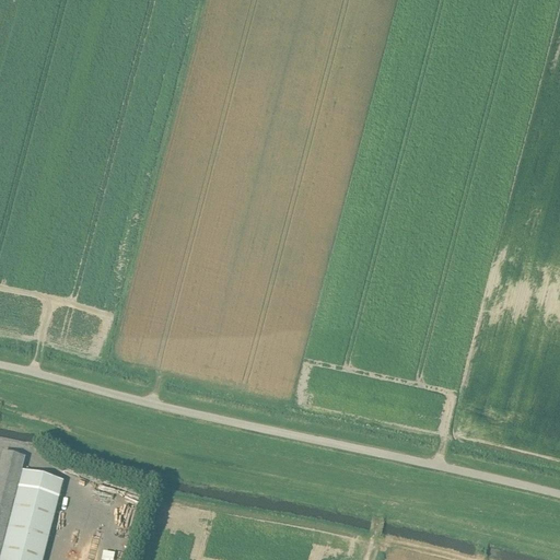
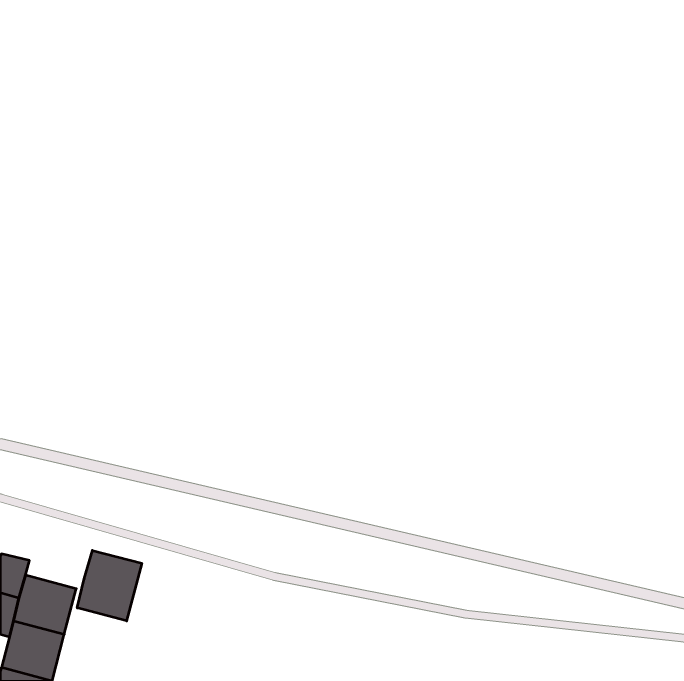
building: none -> [77,550,142,621]

